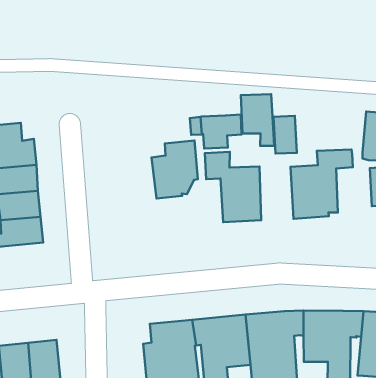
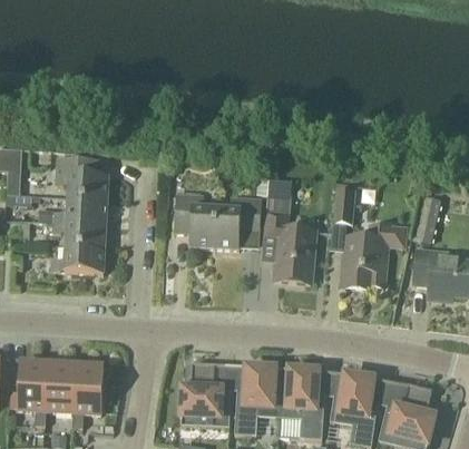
building: [241,94,274,146] -> none
building: none -> [174,194,215,247]

